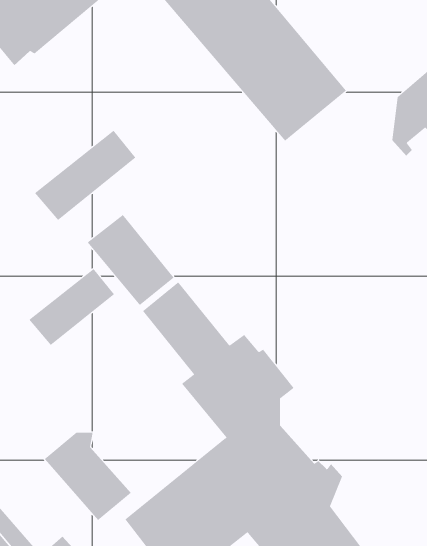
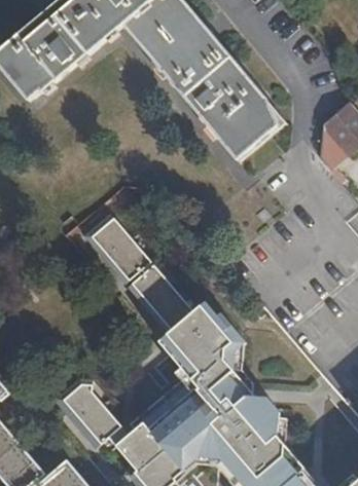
building: [34,130,136,221] -> none
building: [28,268,115,346] -> none

